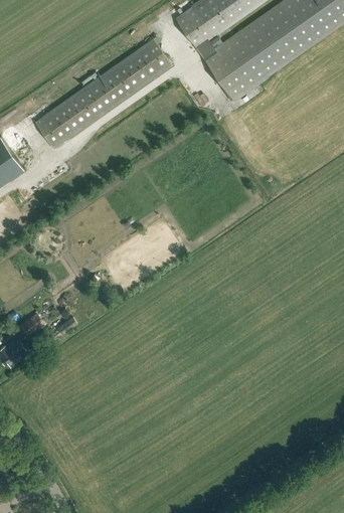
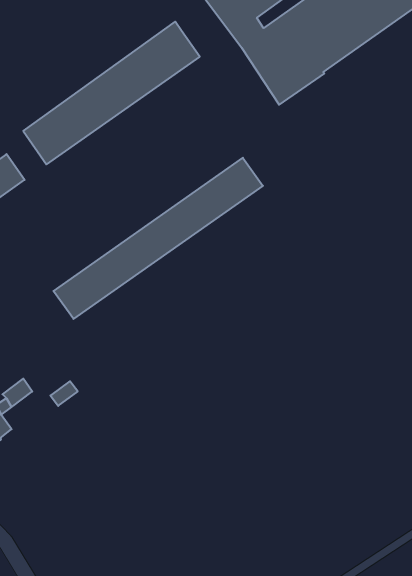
building: none -> [53,158,263,319]

